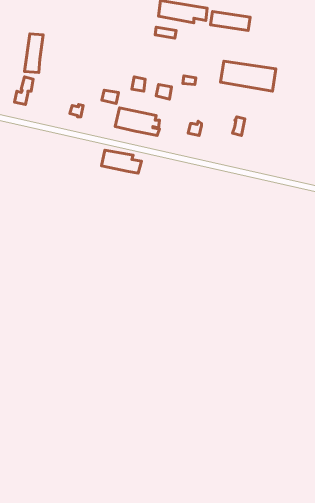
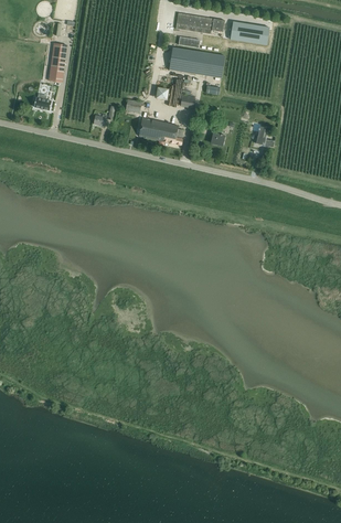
building: [221,61,276,91] -> [167,47,222,77]
building: [101,150,142,173] -> none

